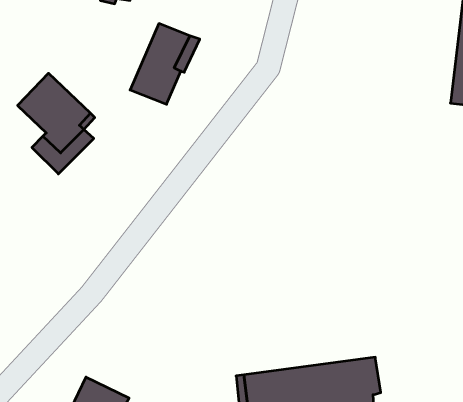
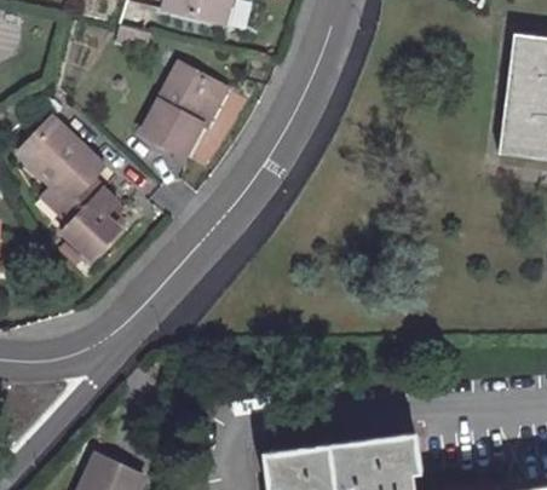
building: none -> [67,192,122,261]

